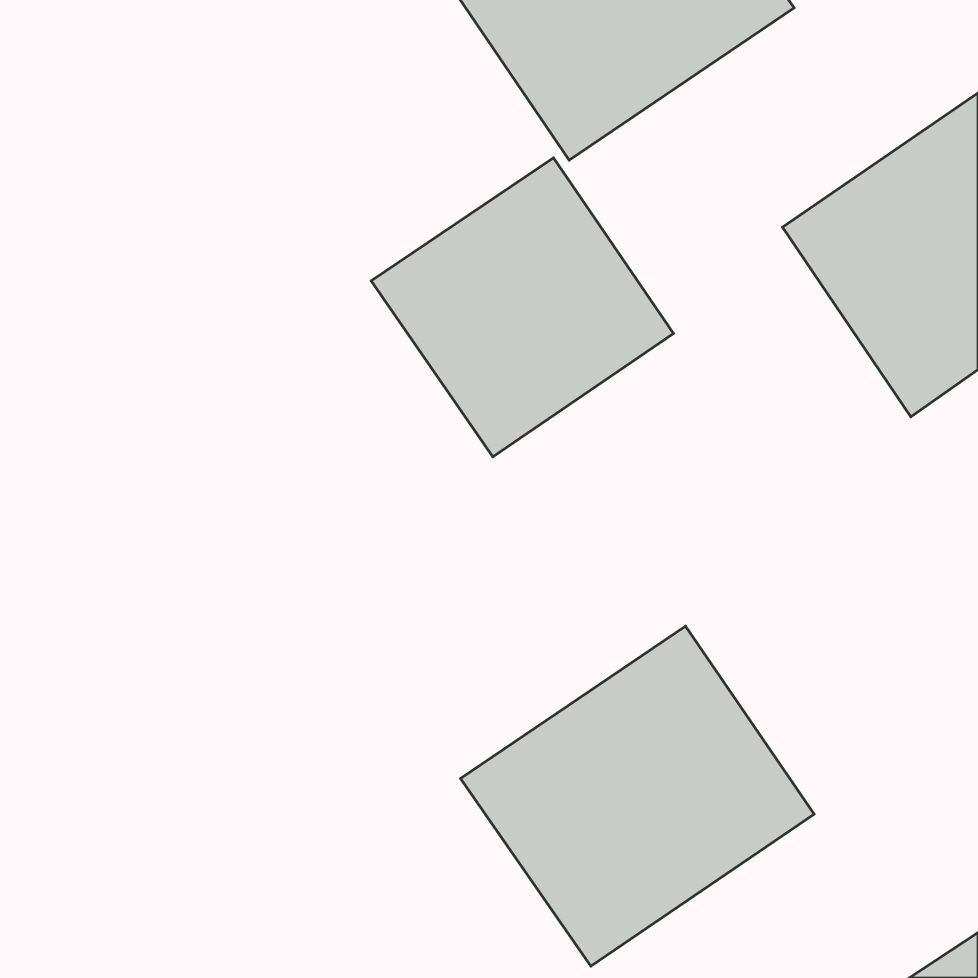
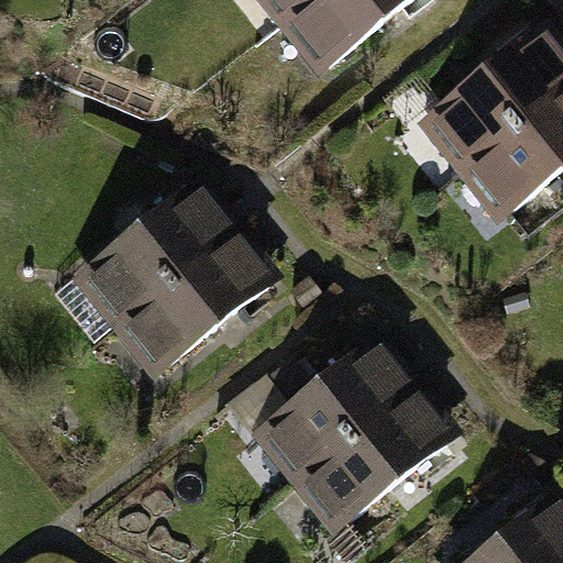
building: [371,158,674,457] -> none
building: none -> [68,191,265,382]

